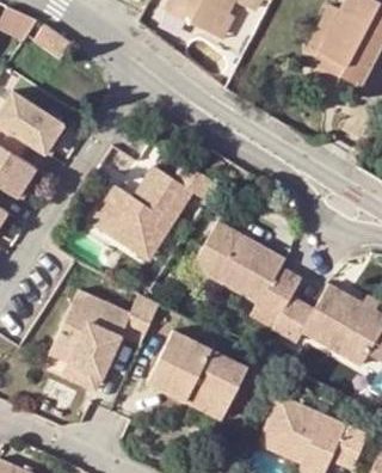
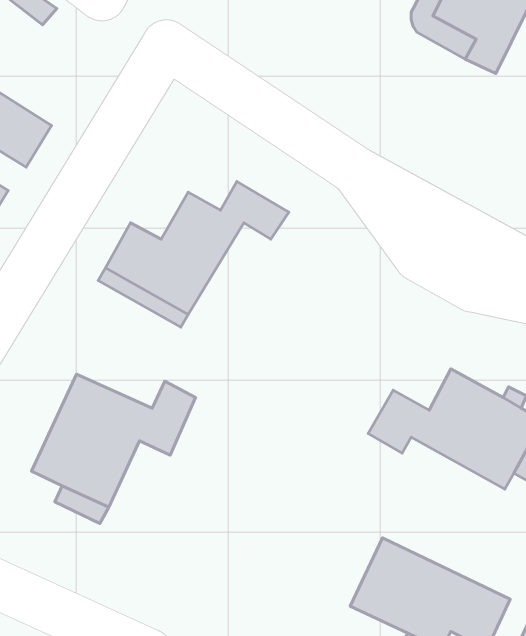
building: [195,221,303,327] -> none
building: [147,330,248,419] -> none

